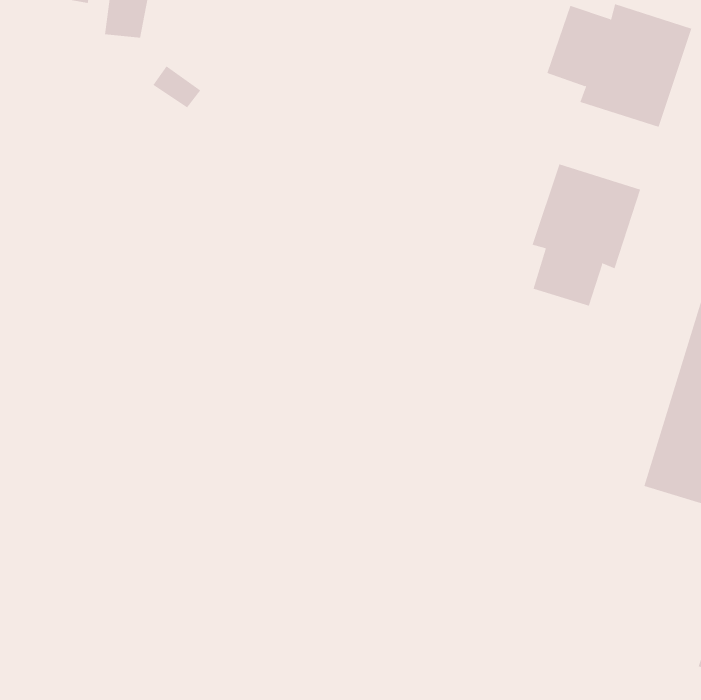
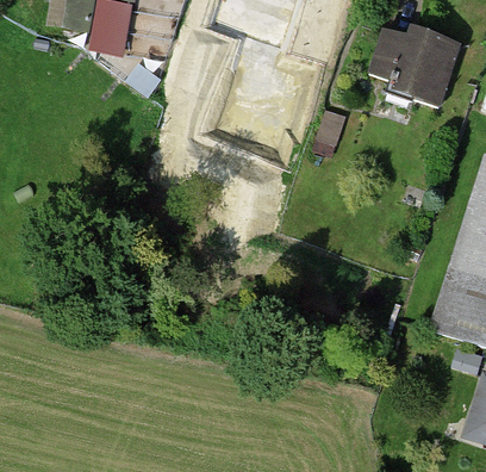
building: [532,163,641,306] -> none

